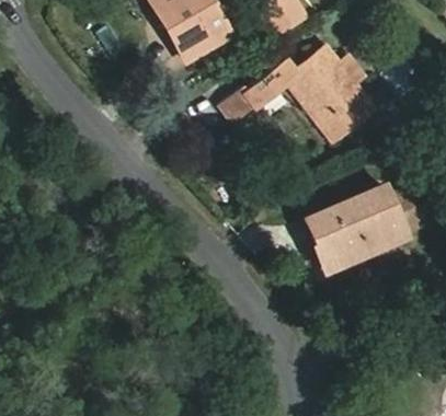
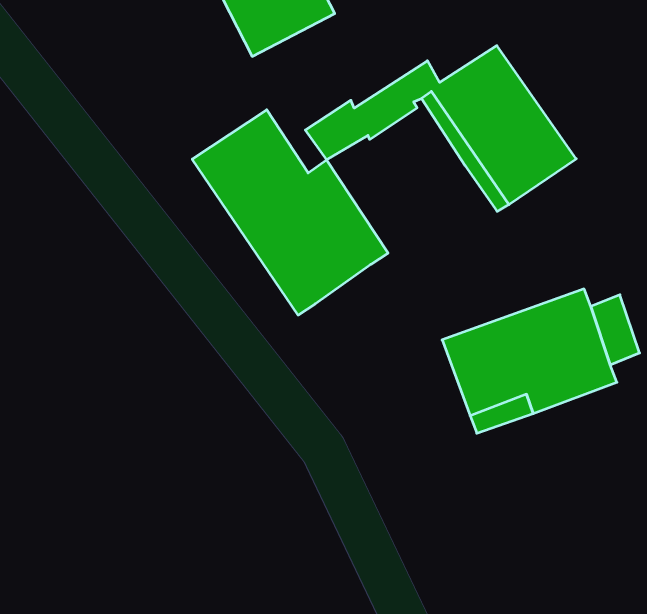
building: none -> [192,110,388,315]

